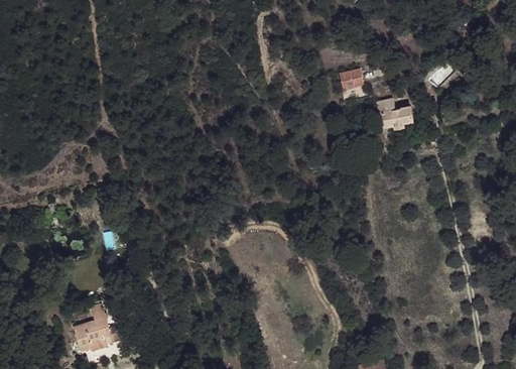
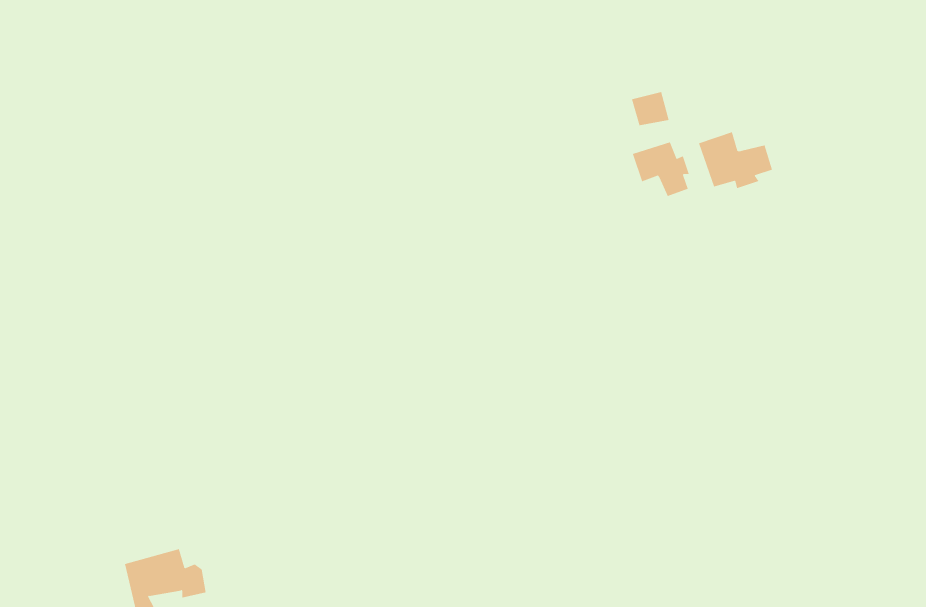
building: none -> [632,141,689,197]

